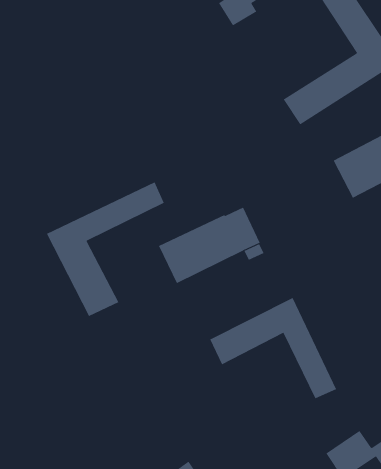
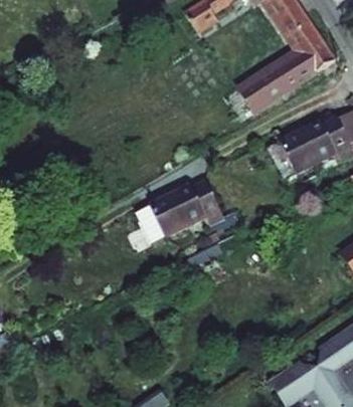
building: [46,182,164,317] -> none
building: [209,297,337,399] -> none

